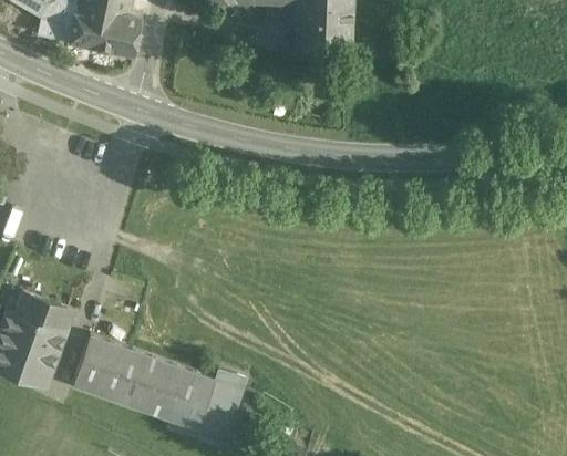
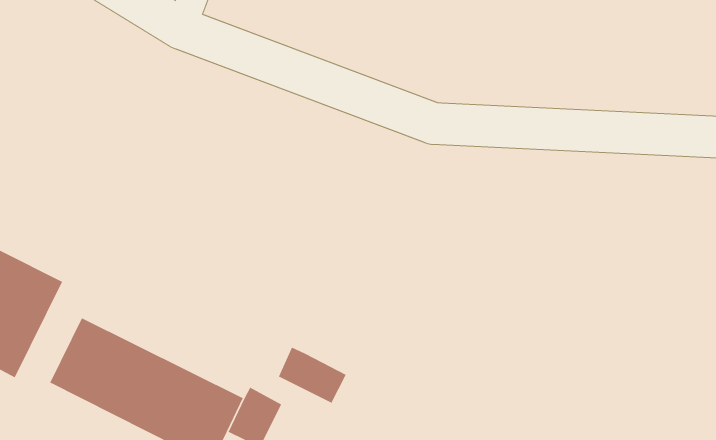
building: none -> [278,346,347,404]

